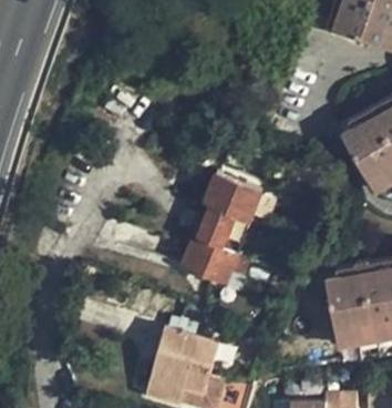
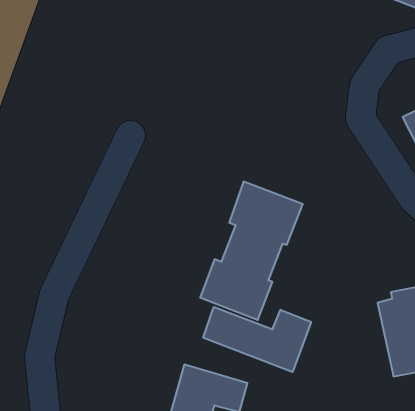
building: none -> [203,307,311,372]

